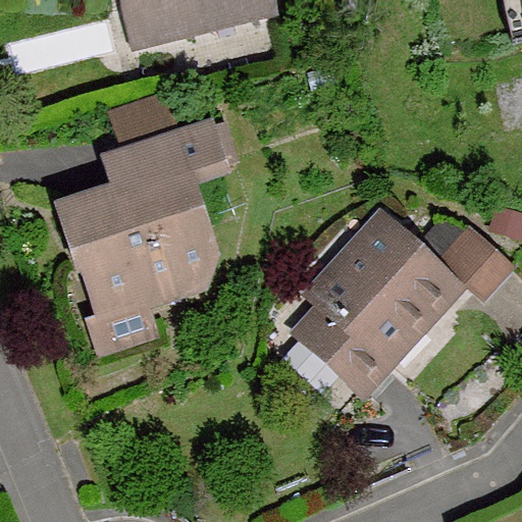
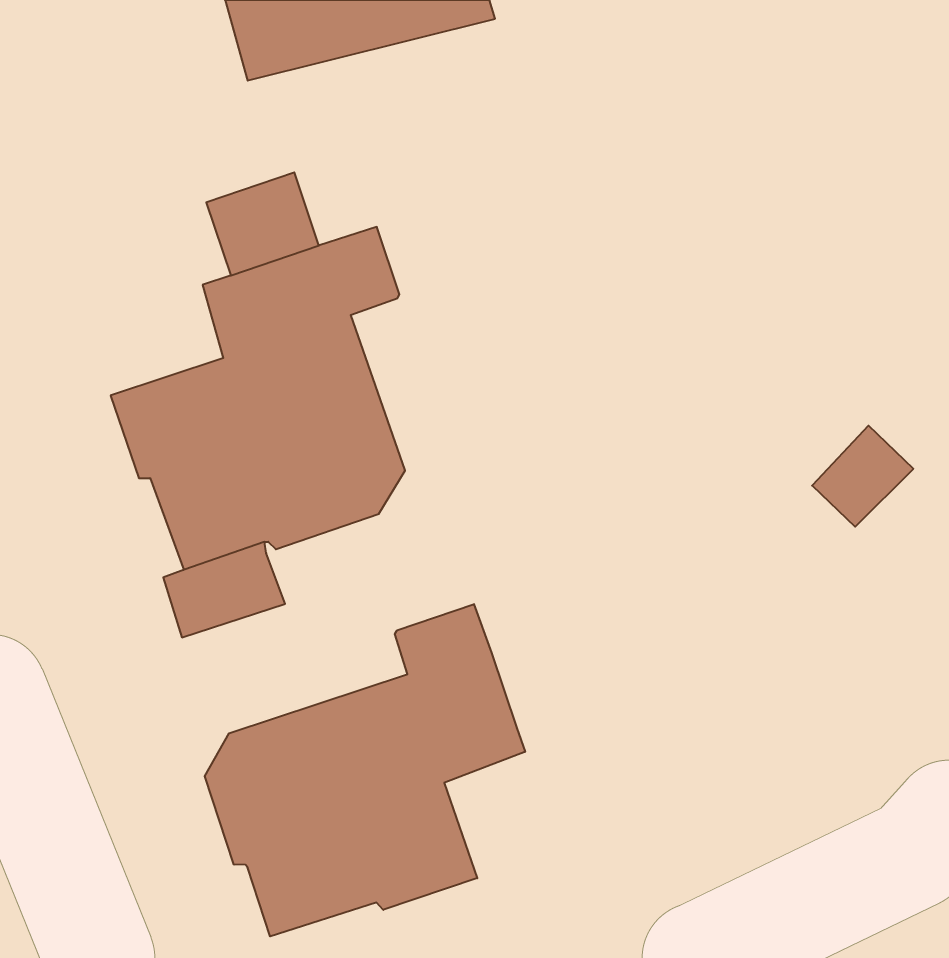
building: [300,223,454,380] -> none
building: none -> [205,604,525,936]

